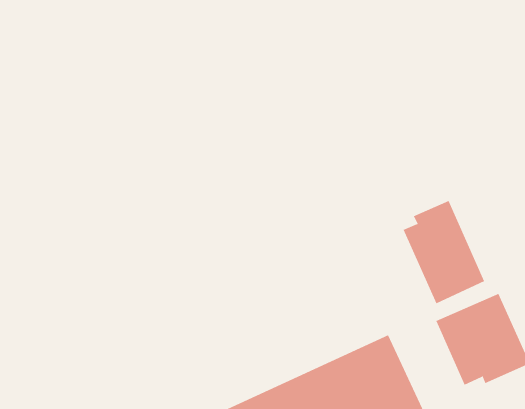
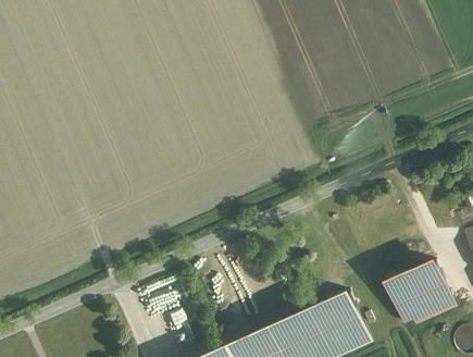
building: [403,200,485,304] -> none

